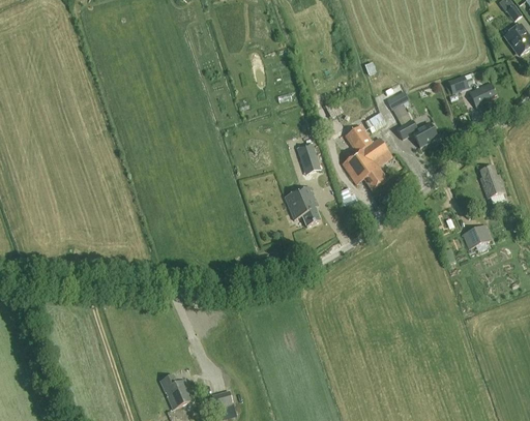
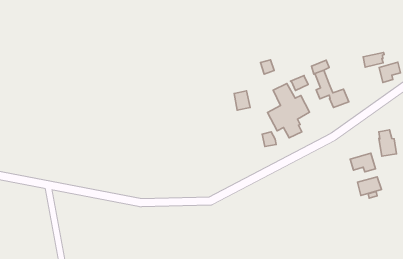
building: [284,186,321,227] -> none
building: none -> [350,153,376,172]

